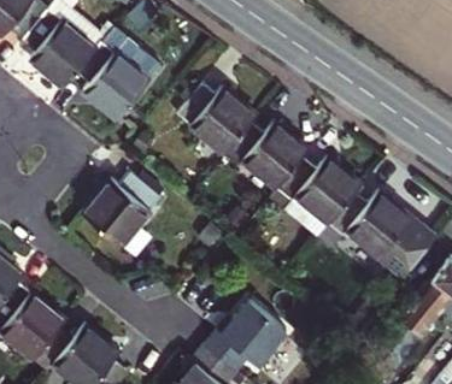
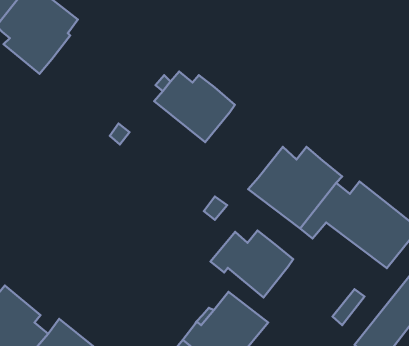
building: [77,29,162,123] -> none
building: [227,124,307,189] -> [210,231,293,297]
building: [83,172,162,247] -> none

